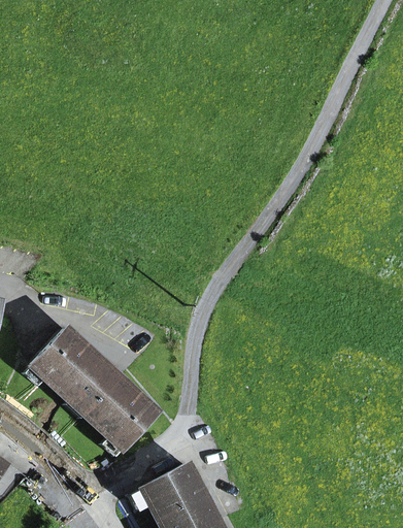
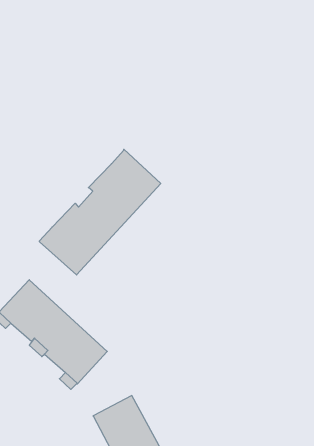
building: none -> [40,149,161,275]

